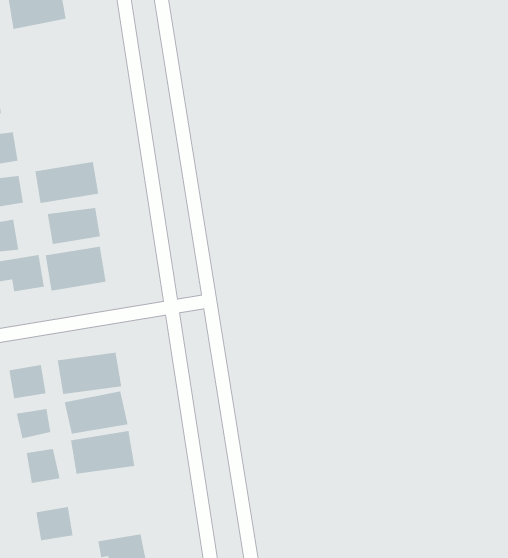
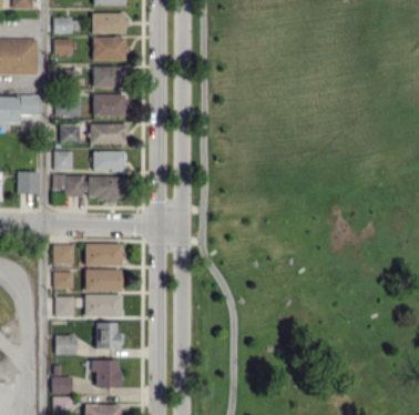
building: none -> [92,37,125,60]
building: none -> [92,67,124,89]
building: none -> [92,93,126,117]
building: none -> [96,323,123,350]

